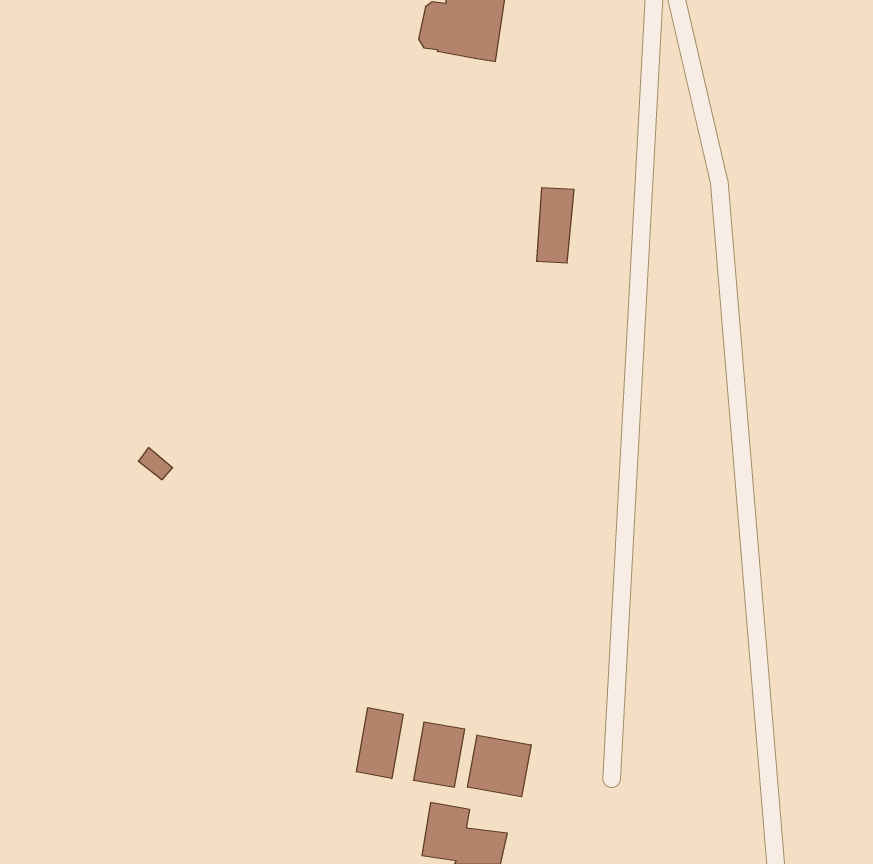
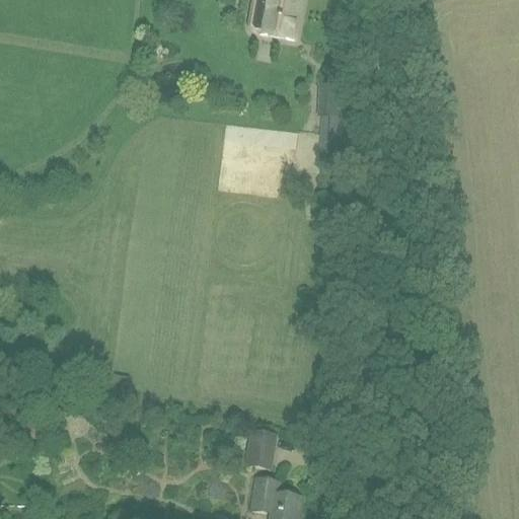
building: [357,708,403,779] -> none
building: [468,735,531,797] -> none

